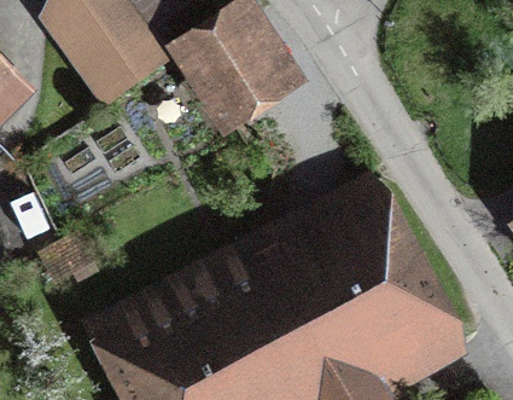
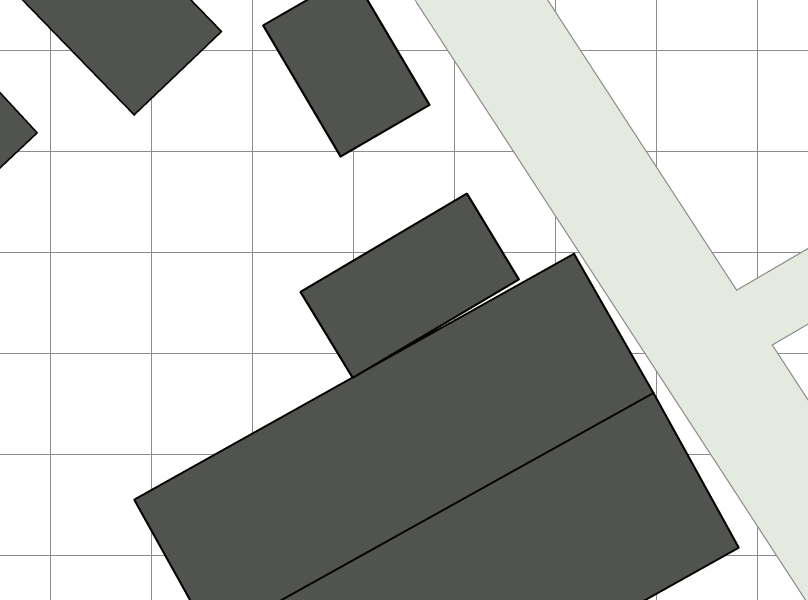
building: none -> [301,194,519,378]

